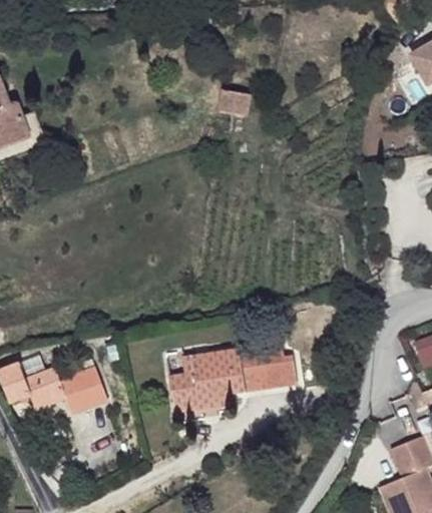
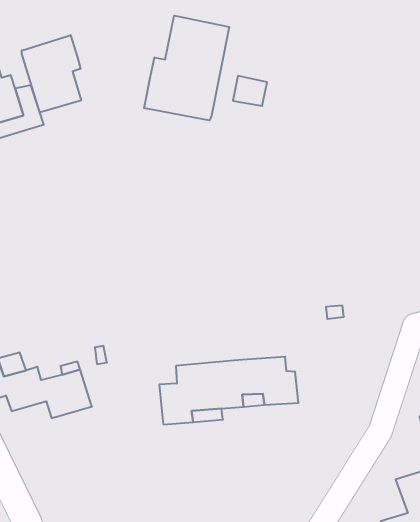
building: none -> [144,16,229,120]
building: none -> [22,35,81,113]

